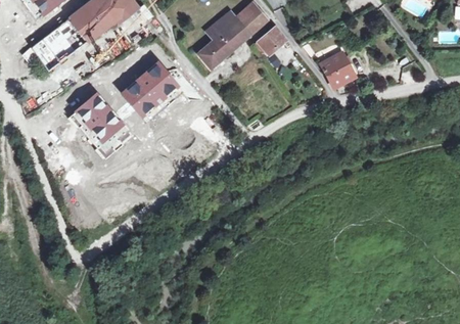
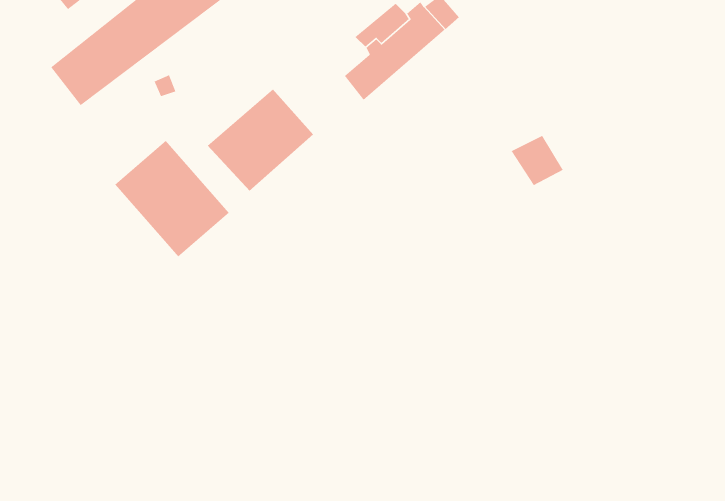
building: [254,28,285,55] -> none
building: [321,55,352,85] -> [510,135,564,186]

